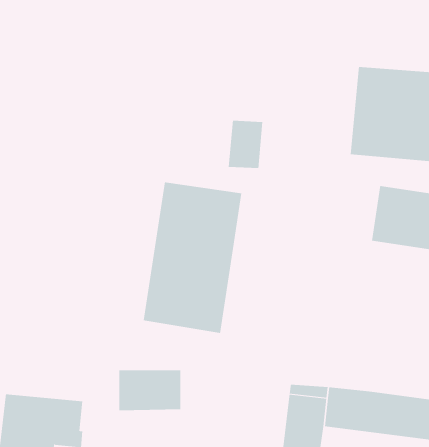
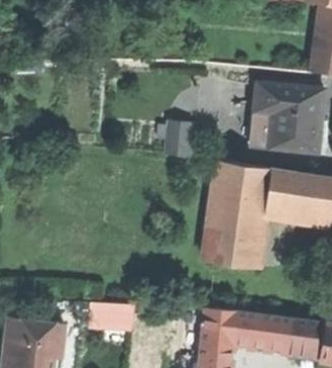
building: [143,182,242,333] -> [203,162,273,270]

